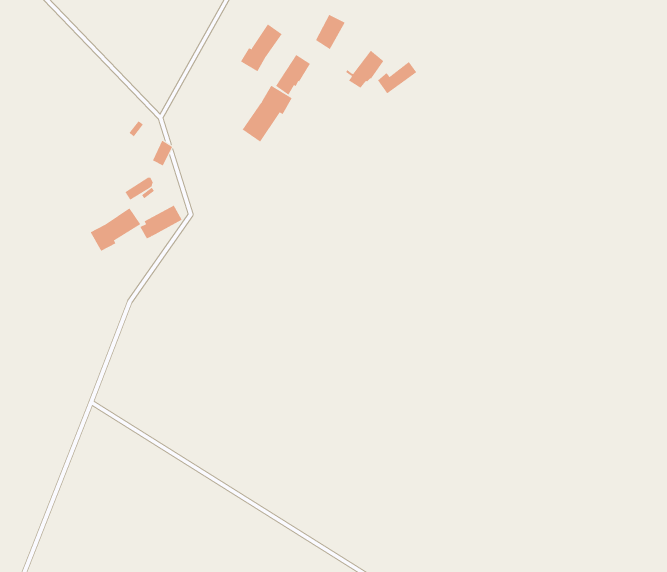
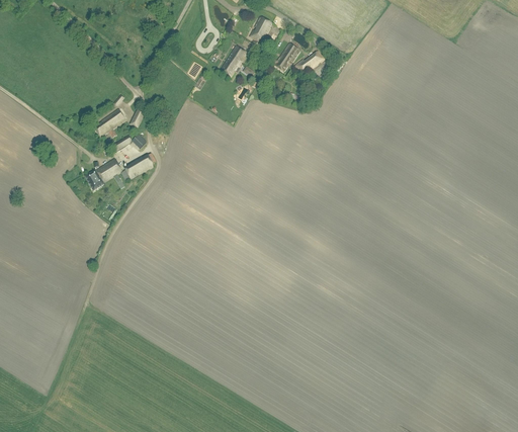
building: [240,23,283,72] -> none
building: [242,85,293,143] -> none
building: none -> [94,108,126,138]

